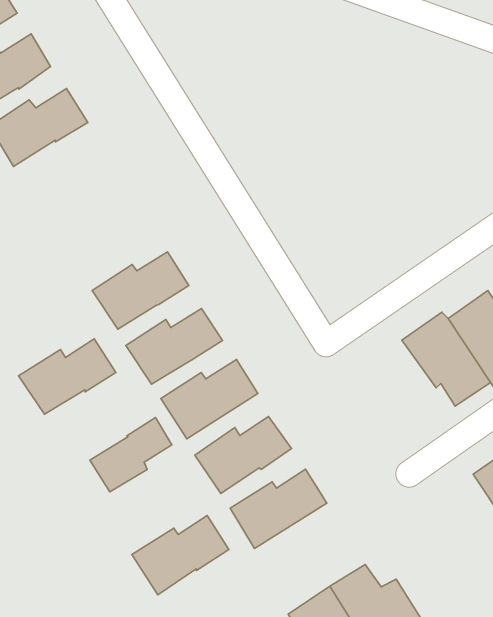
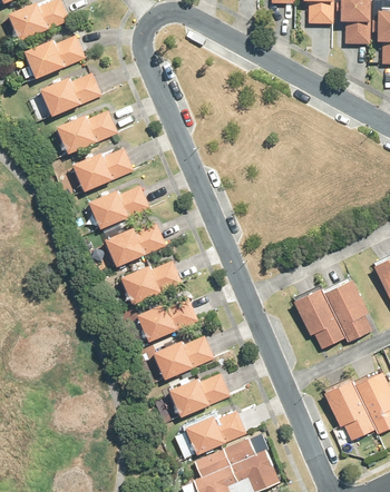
building: none -> [71,147,133,191]
building: [19,339,116,414] -> [87,186,148,228]
building: [90,418,172,492] -> none
building: [132,516,229,595] -> [184,411,245,455]

